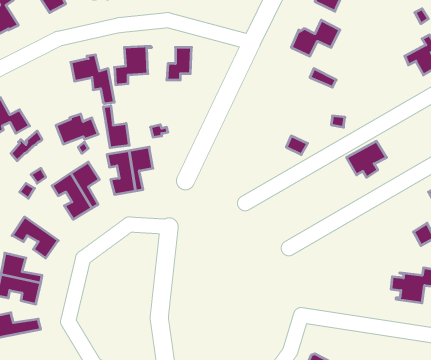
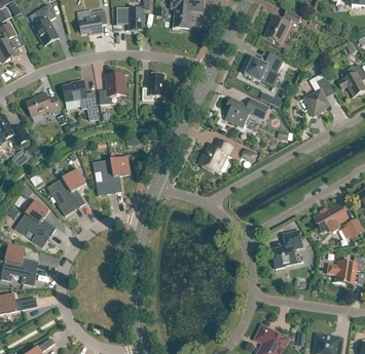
building: none -> [304,88,330,116]
building: none -> [225,97,268,129]
building: [104,106,129,148] -> none
building: [56,114,98,144] -> [26,92,61,117]
building: none -> [198,140,232,170]
building: [347,141,387,177] -> [315,204,348,234]
building: none -> [25,199,57,233]
building: none -> [271,230,302,268]

